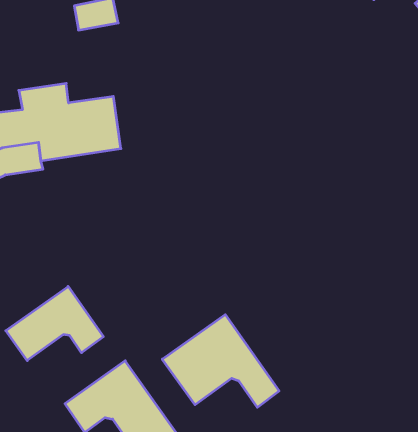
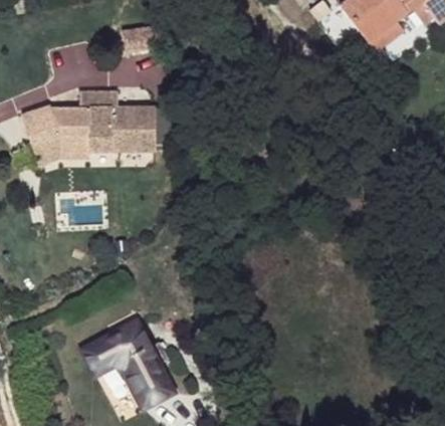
building: [6,286,103,361] -> none
building: [162,315,279,407] -> none

